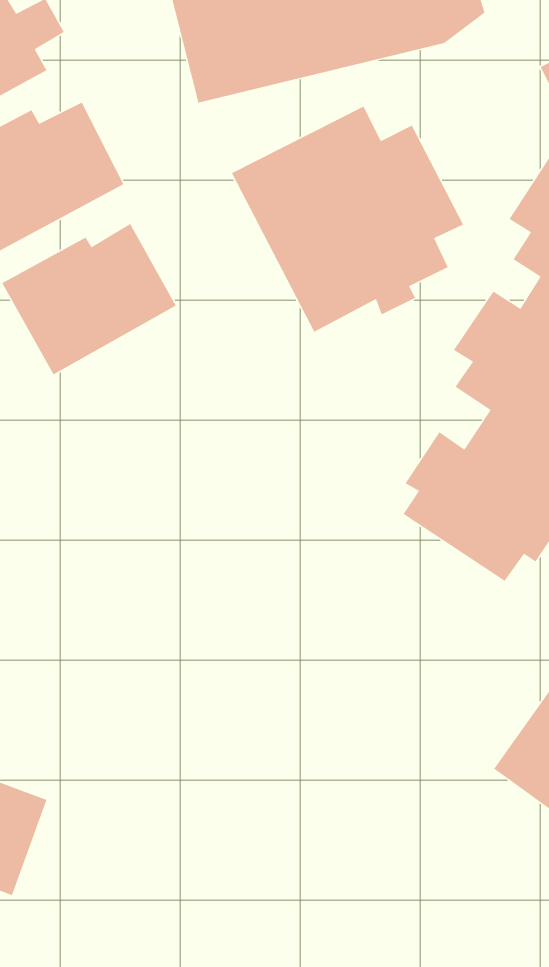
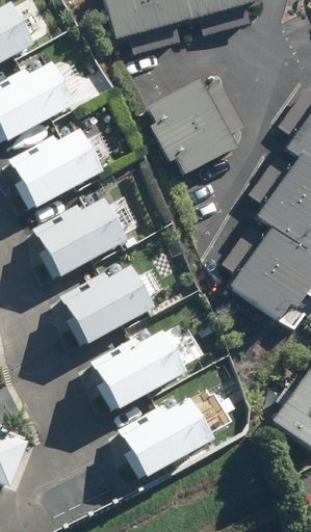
building: none -> [32,198,125,276]
building: none -> [60,265,155,345]
building: none -> [88,328,185,408]
building: none -> [118,392,213,478]

